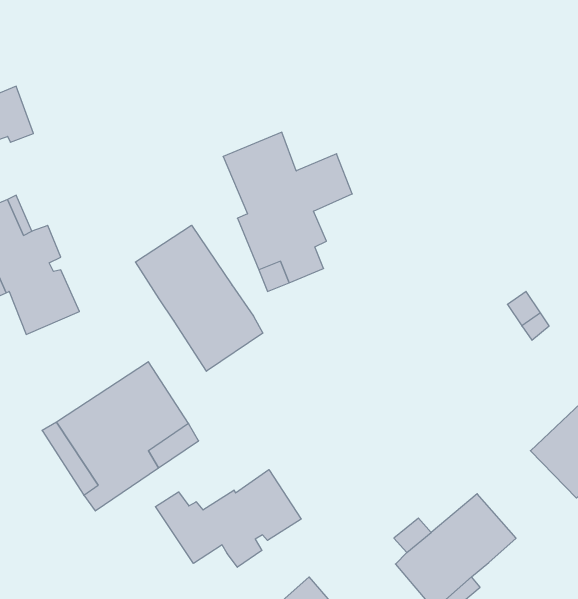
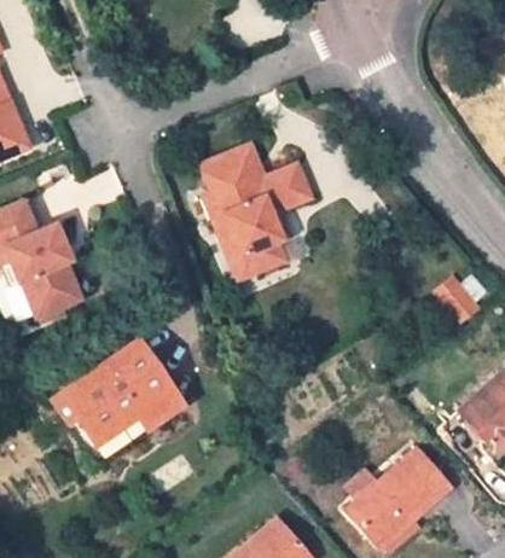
building: [135,225,263,371] -> none
building: [155,470,301,567] -> none

